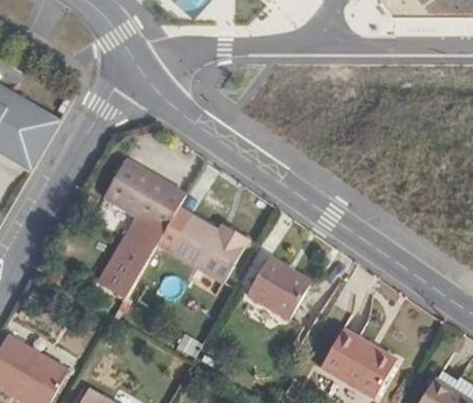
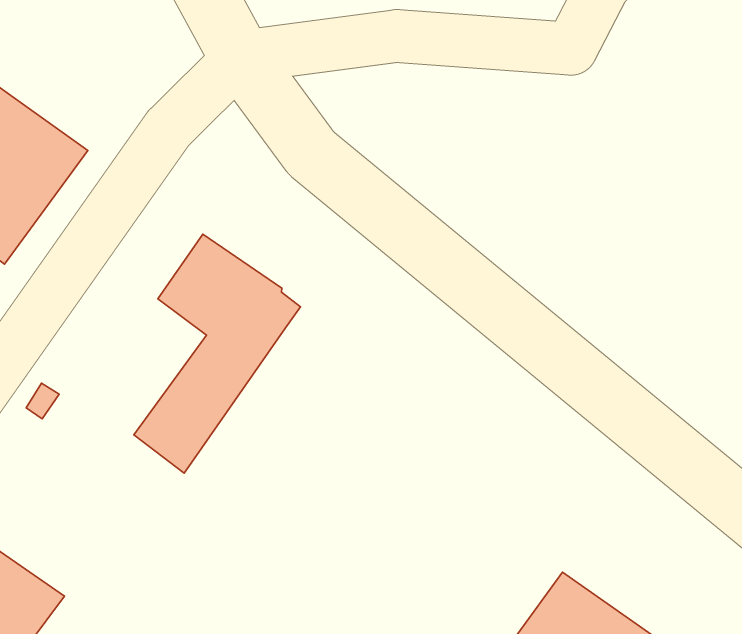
building: [156,208,247,283] -> none
building: [246,258,312,321] -> none

